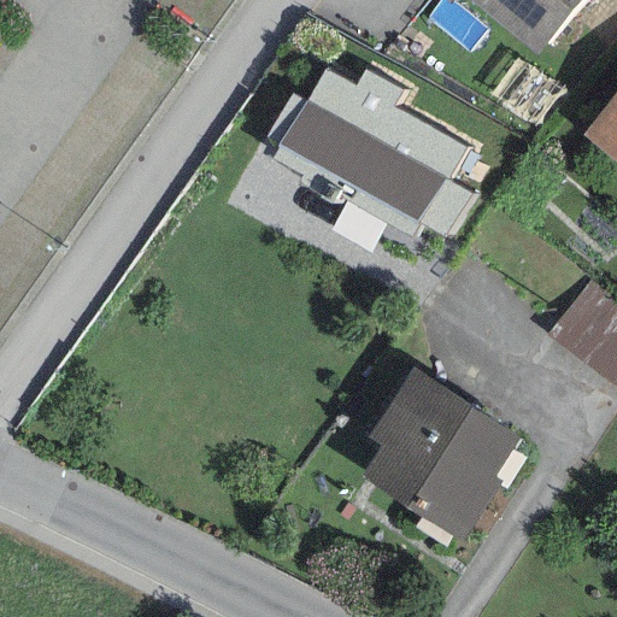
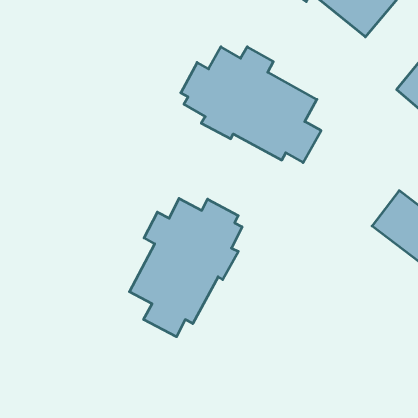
building: none -> [129,198,242,337]
building: [362,365,521,541] -> none

